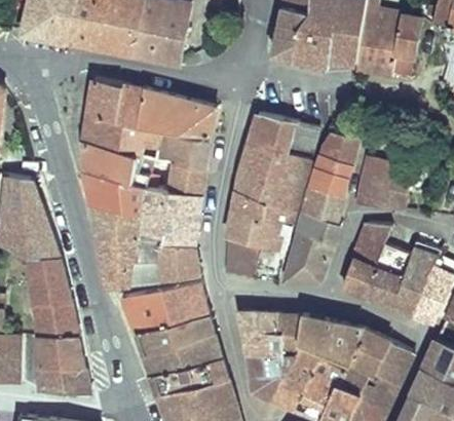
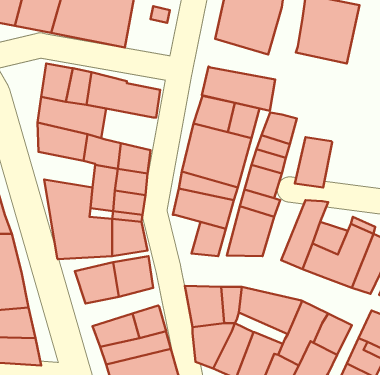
building: none -> [202,67,275,111]
building: [155,135,206,171] -> none
building: [86,174,146,210] -> none
building: [226,239,256,279] -> none
building: [136,315,212,355] -> none

